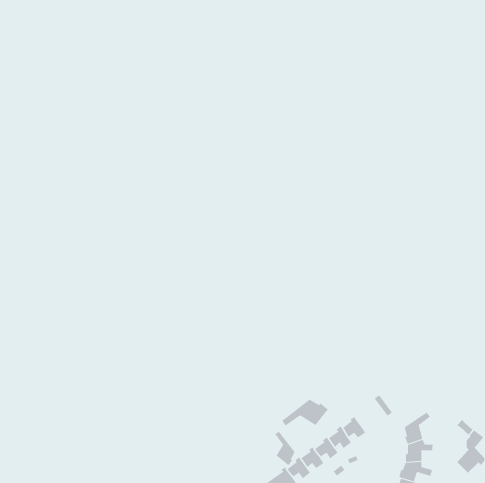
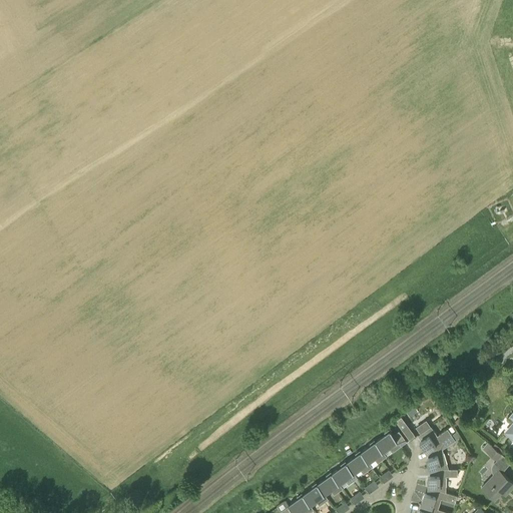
building: [281,398,329,427] -> none
building: none -> [417,425,450,454]
building: none -> [375,431,406,455]
building: [275,431,296,466] -> none

